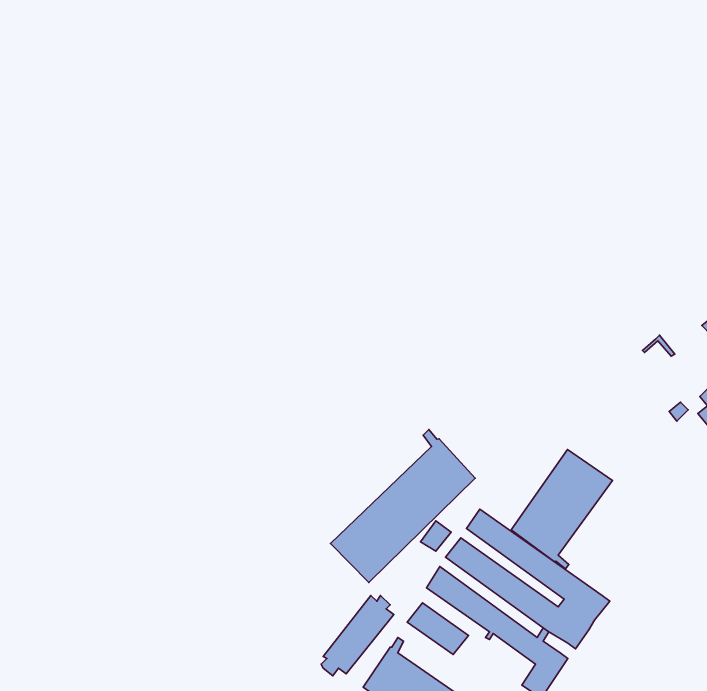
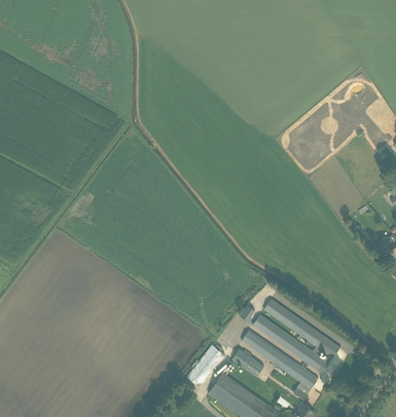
building: [330,430,475,583] -> none
building: [511,449,612,569] -> none

